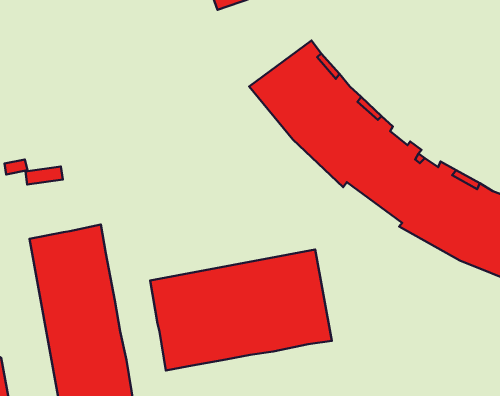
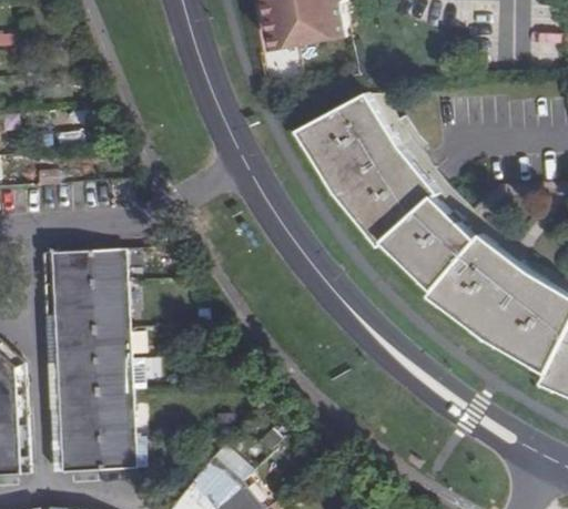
building: [150,250,332,371] -> none

